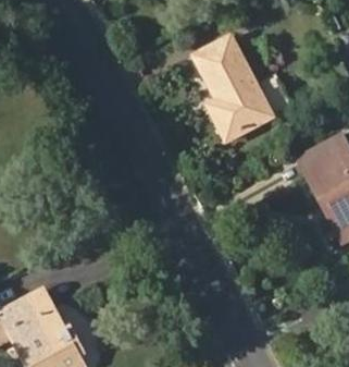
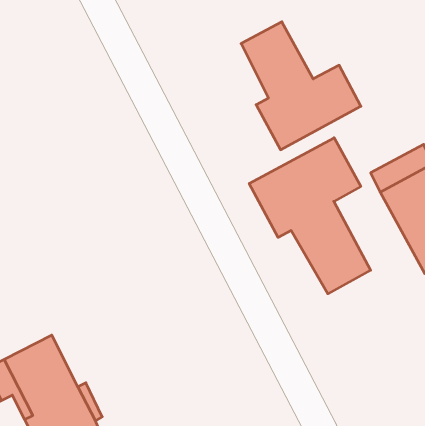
building: none -> [249,138,371,294]

